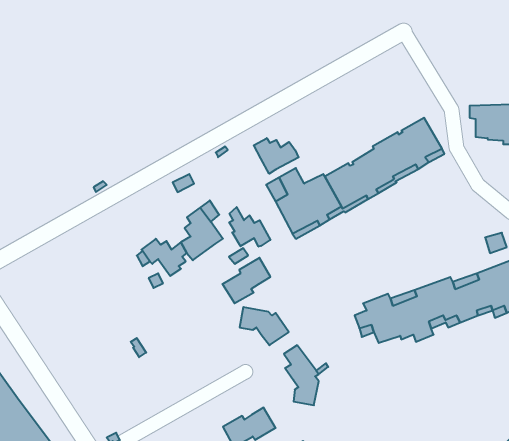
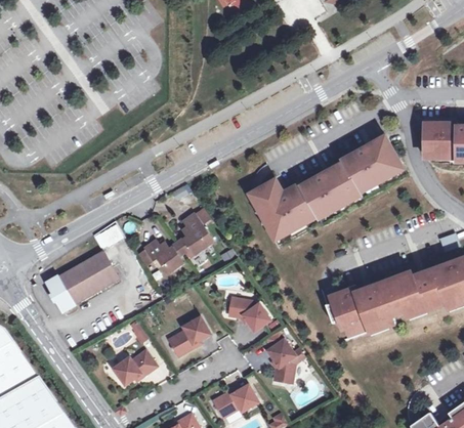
building: [254,138,299,174] -> none
building: [229,207,270,247] -> none
building: none -> [45,251,118,312]
building: [222,258,270,303] -> [168,317,209,356]
building: none -> [114,351,157,385]

